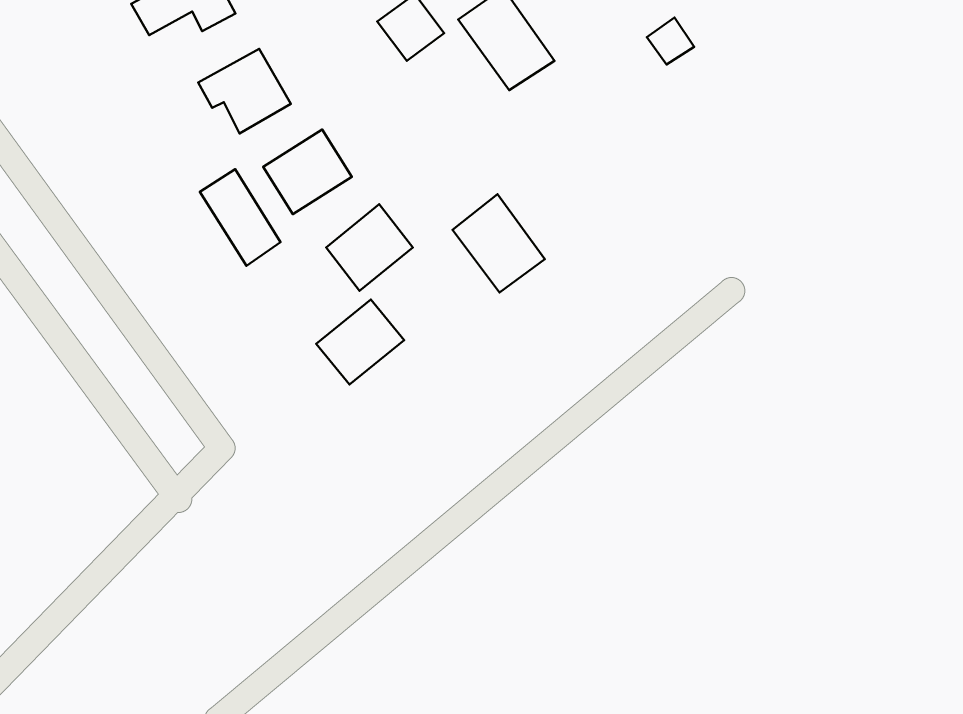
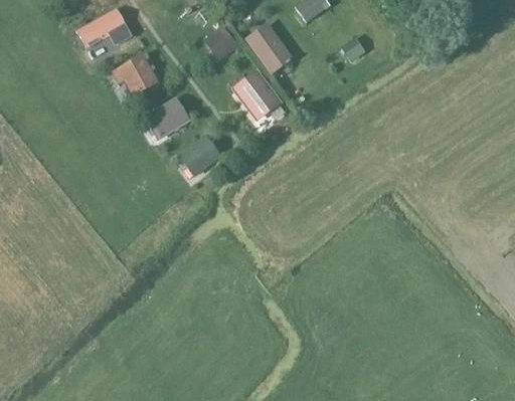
building: [200,169,281,266] -> none
building: [452,194,545,293] -> [232,69,280,120]
building: [316,300,404,384] -> none

